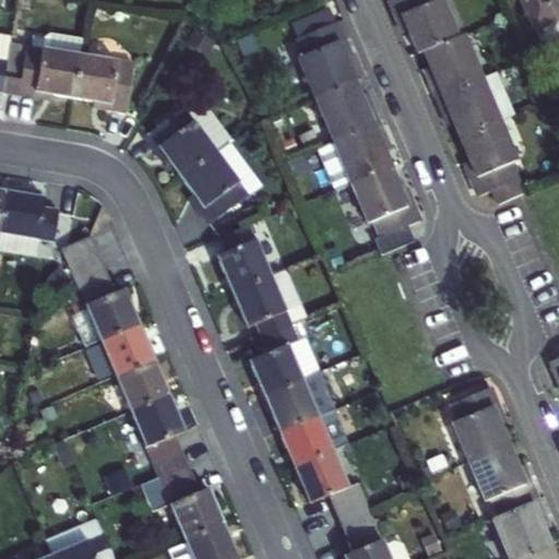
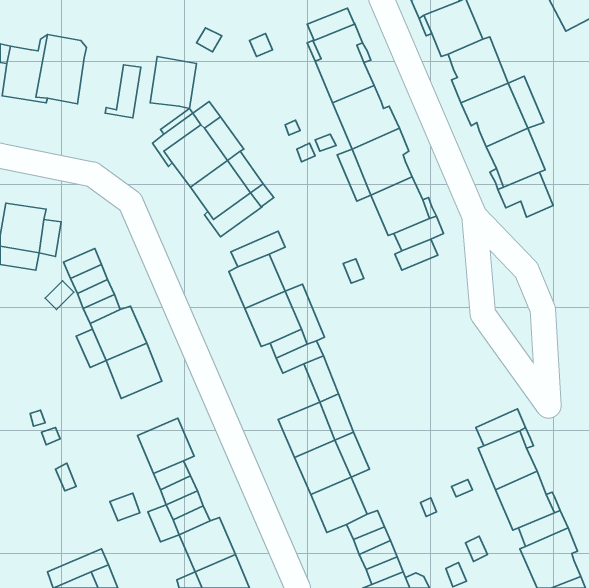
building: [74,55,118,104] -> [150,57,196,109]
building: [250,344,304,396] -> none
building: [116,360,169,412] -> none

